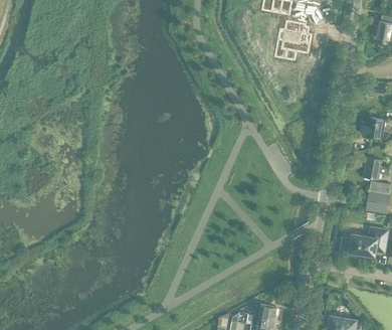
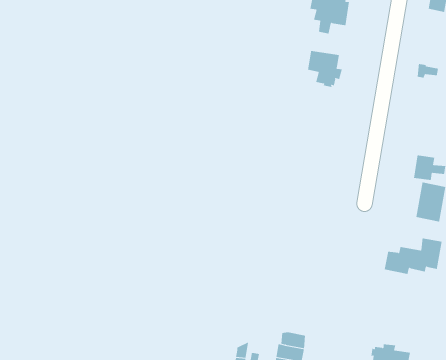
building: none -> [307,50,343,88]
building: [360,117,384,138] -> none

